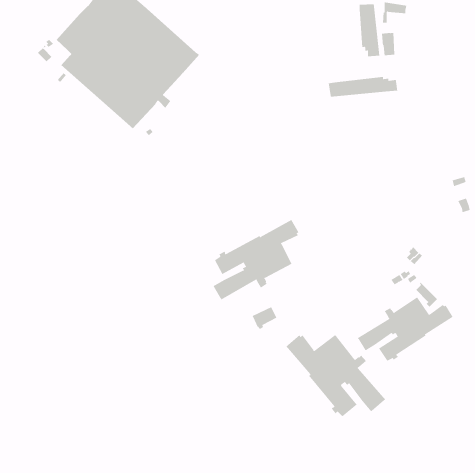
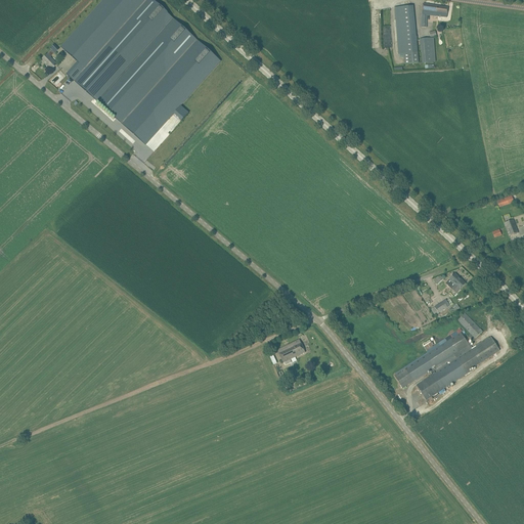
building: [328,76,398,97] -> none
building: [213,219,299,300] -> none
building: [286,334,386,417] -> none

